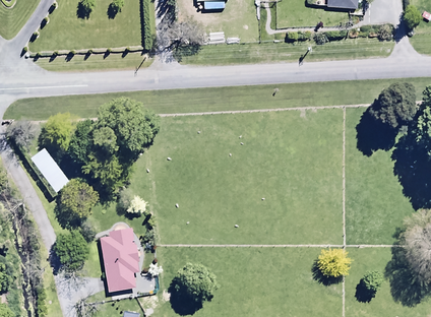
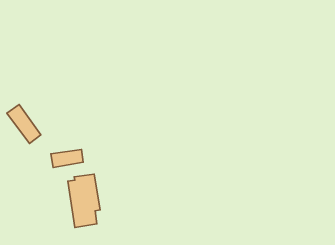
building: none -> [51,149,83,167]

